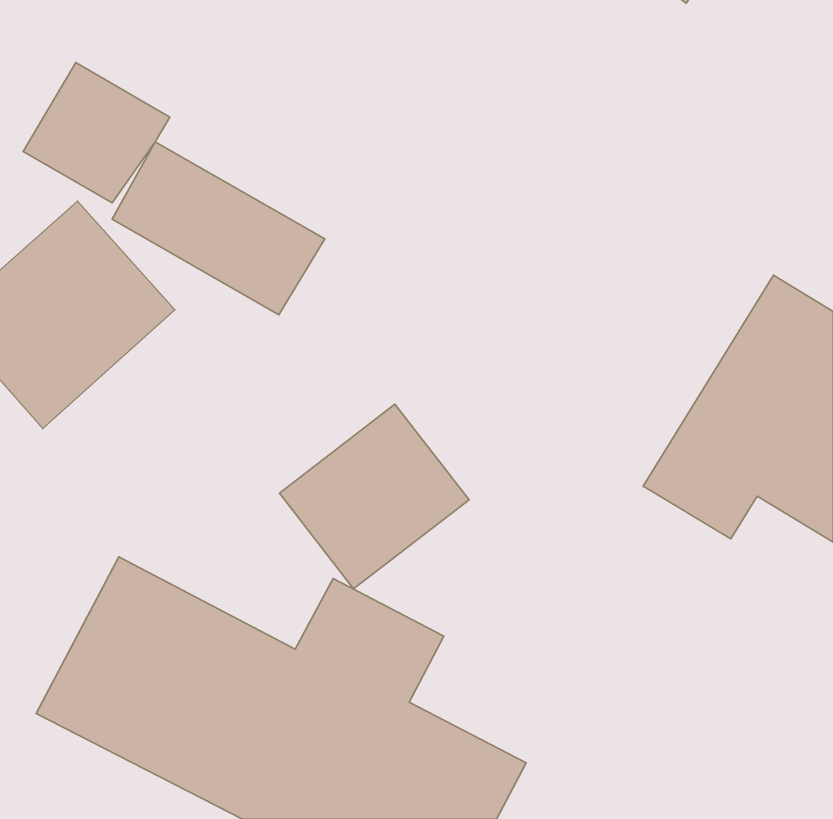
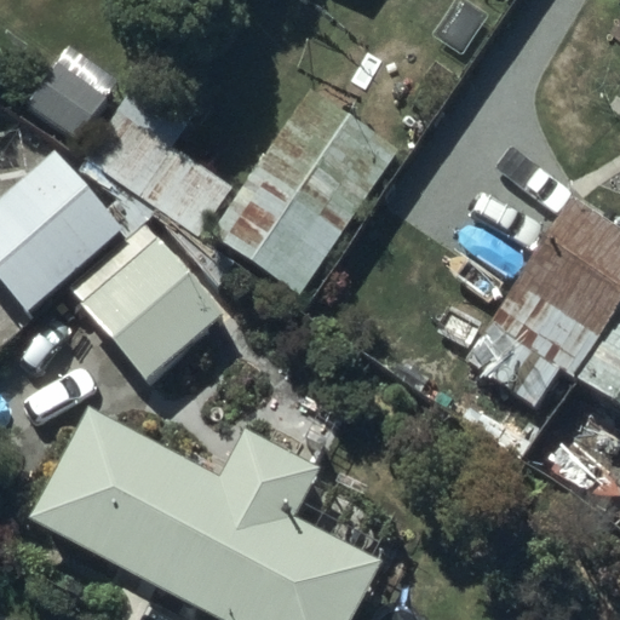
building: none -> [209,84,402,294]
building: [279,404,469,589] -> [88,246,228,381]

